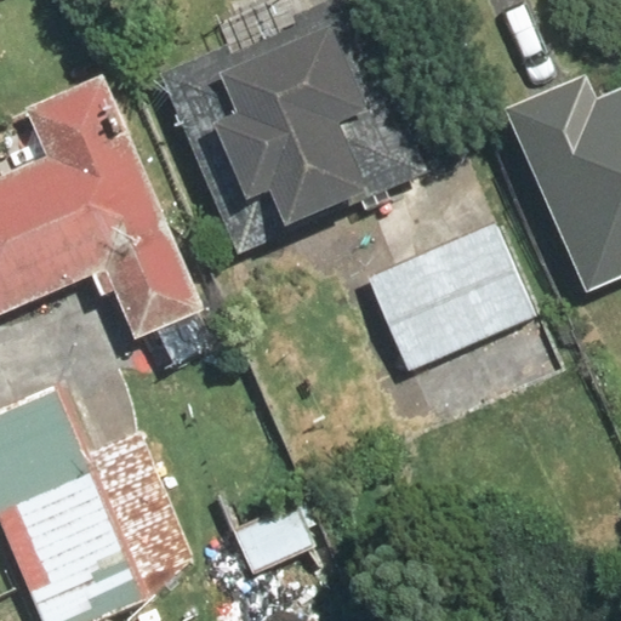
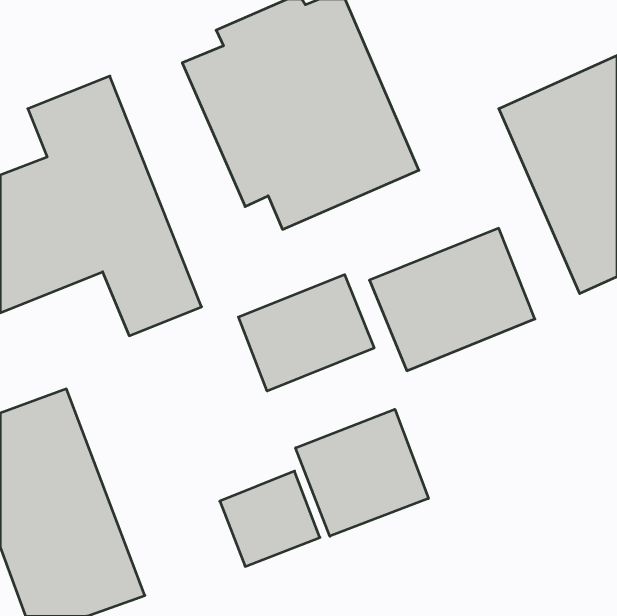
building: none -> [238,275,374,391]
building: none -> [296,409,428,536]

